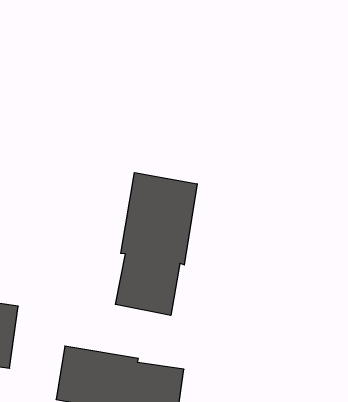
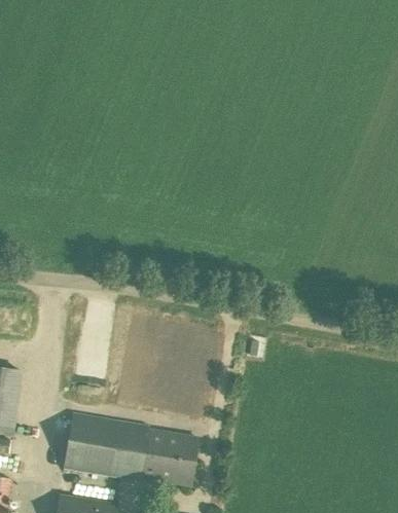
building: [115,173,197,315] -> none

